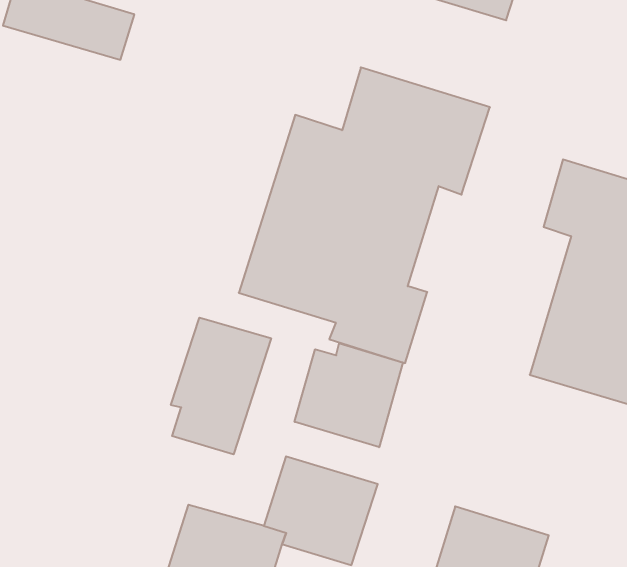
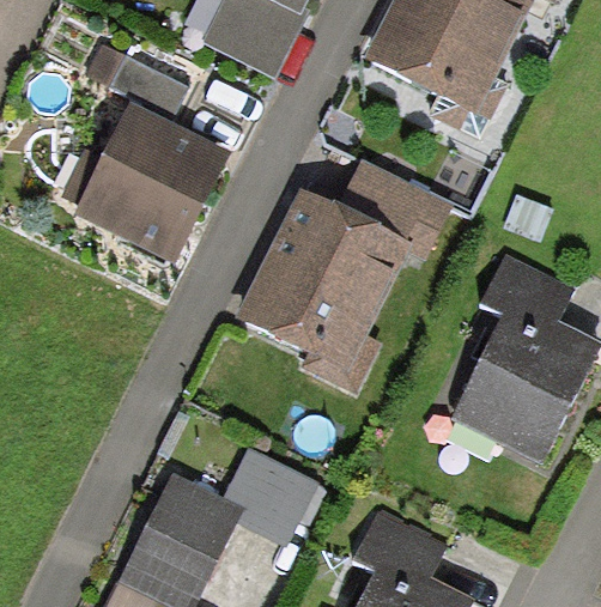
building: none -> [73,104,229,263]
building: [171,318,271,454] -> none
building: [295,343,403,447] -> none

